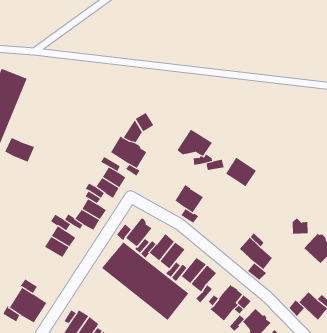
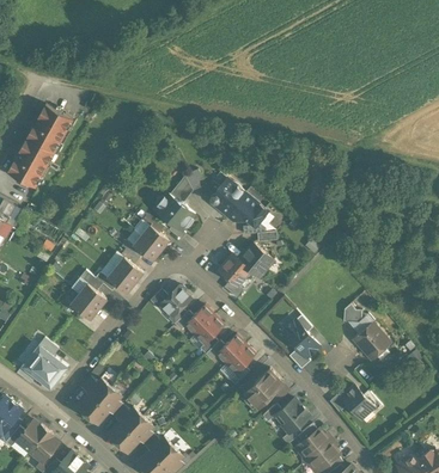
building: none -> [209,179,244,216]
building: [4,137,35,163] -> none
building: [224,157,257,187] -> [237,244,273,278]
building: [101,242,189,321] -> none

